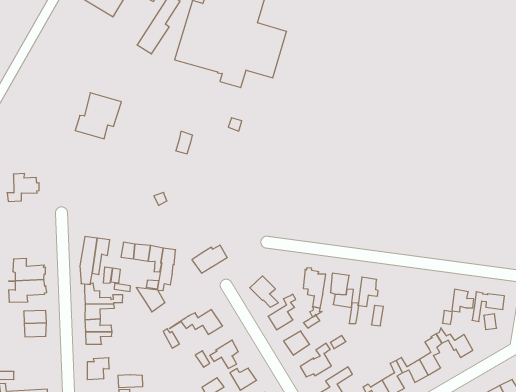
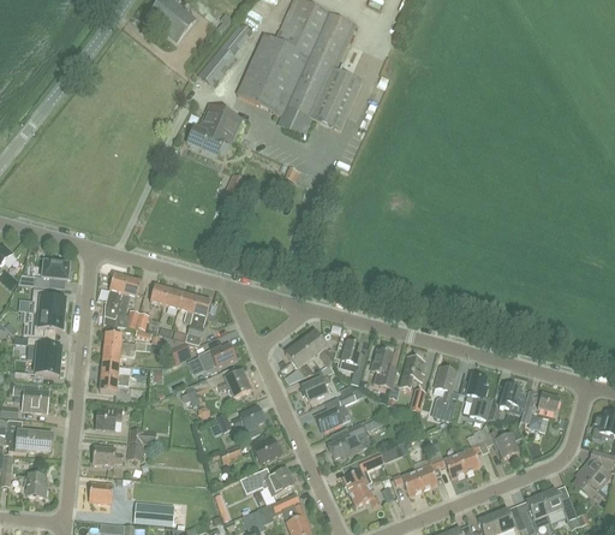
building: [75,93,121,139] -> [187,102,241,154]
building: [7,174,39,201] -> [35,255,71,285]
building: [192,245,227,273] -> [197,341,235,369]
building: none -> [300,329,336,365]
building: none -> [434,365,456,417]
building: none -> [465,374,490,417]
building: none -> [13,379,48,410]

